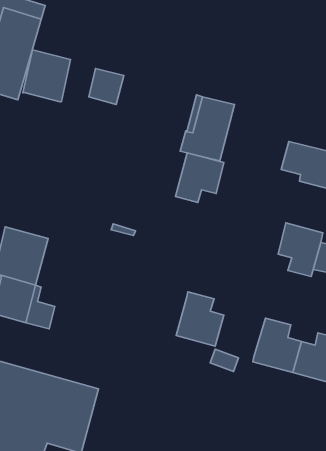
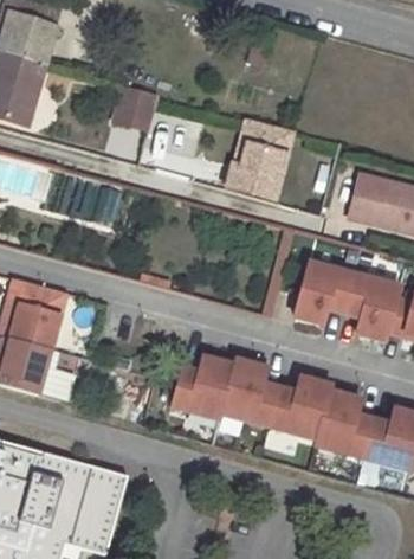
building: [23,50,71,102] -> none
building: [175,153,224,202] -> [296,263,355,323]
building: none -> [172,356,234,418]
building: none -> [269,377,331,438]

